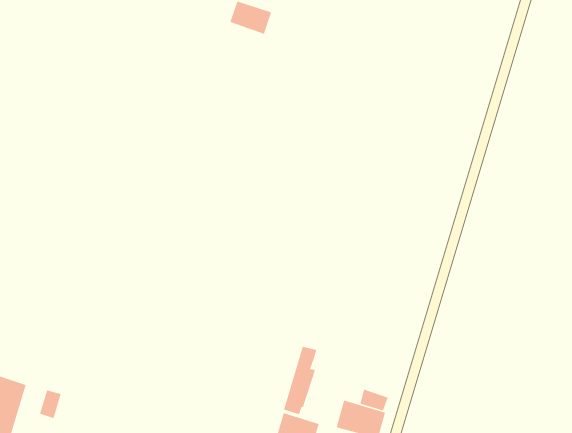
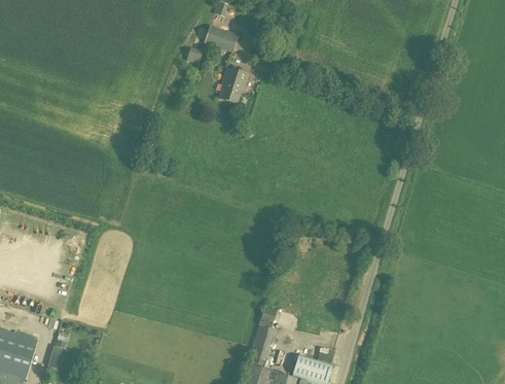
building: none -> [219,67,249,103]

